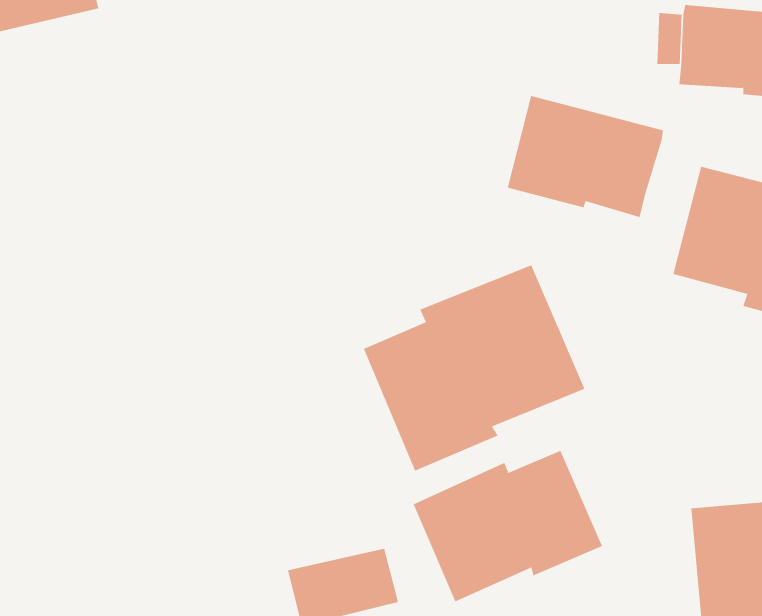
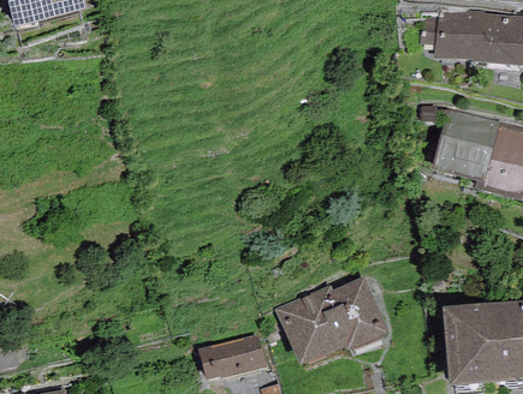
building: [507,95,664,218] -> none
building: [363,264,585,472] -> none

